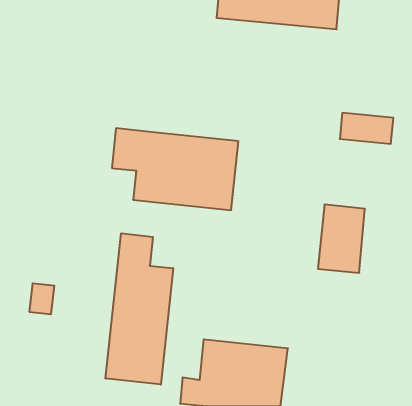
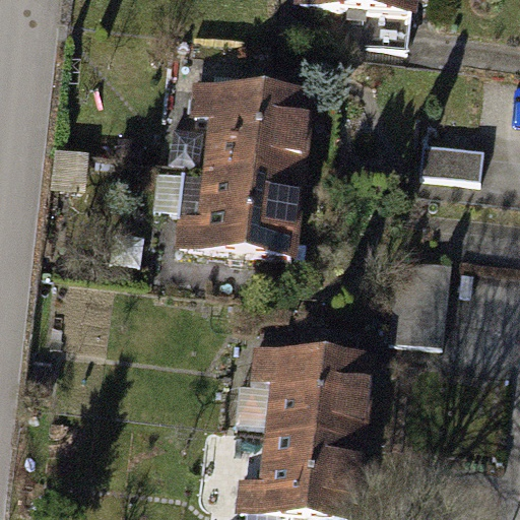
building: none -> [187,77,312,177]
building: [106,233,173,385] -> none
building: none -> [245,340,372,436]

